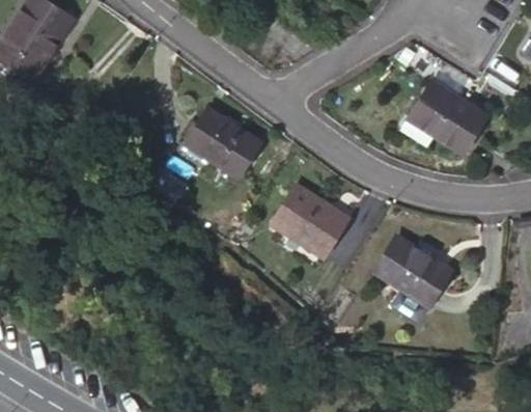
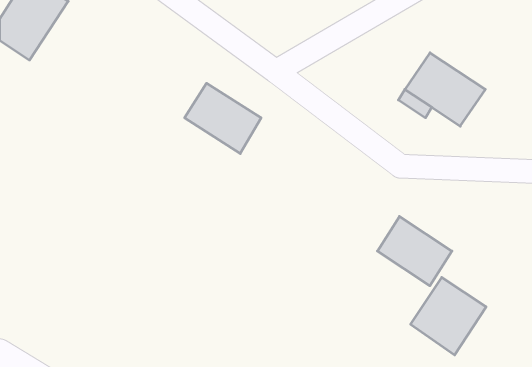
building: [270,185,347,257] -> none
building: none -> [411,277,486,355]

